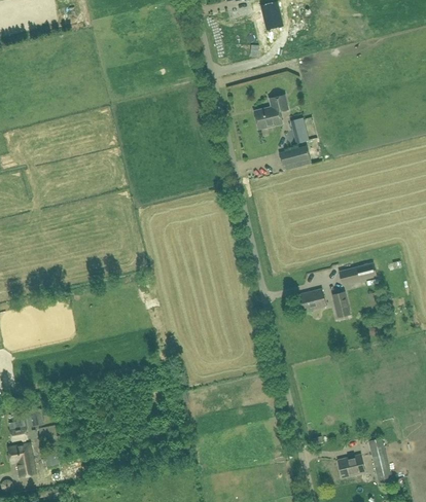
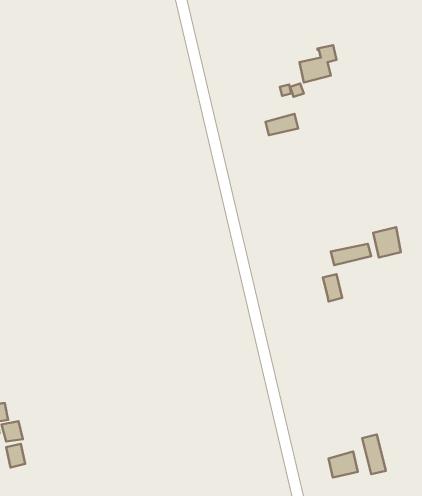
building: [253,96,287,130] -> [299,45,337,82]
building: none -> [373,227,401,257]
building: [297,289,325,312] -> none

